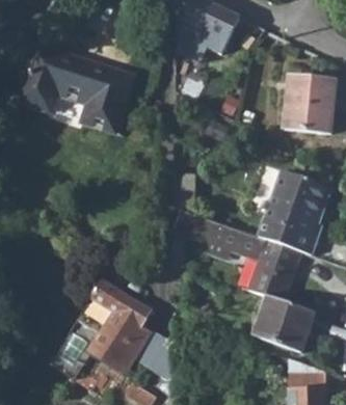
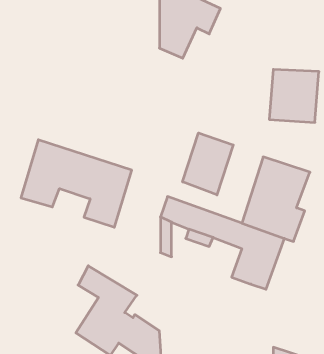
building: [18,46,131,135] -> [21,140,132,227]
building: none -> [183,133,233,195]
building: [252,297,316,353] -> none

